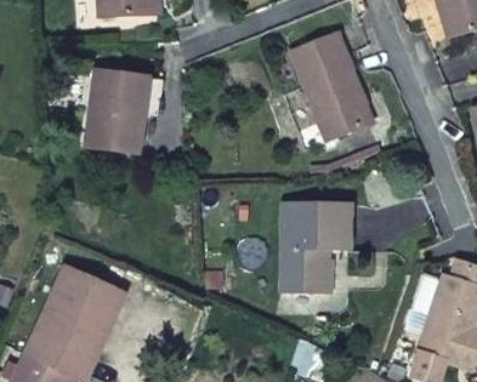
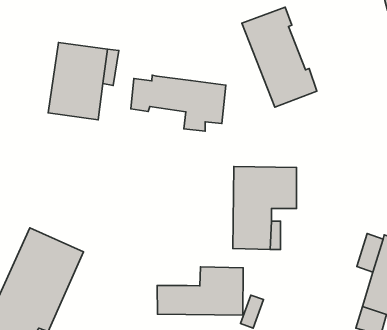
building: none -> [131,75,226,131]
building: none -> [157,267,243,315]

